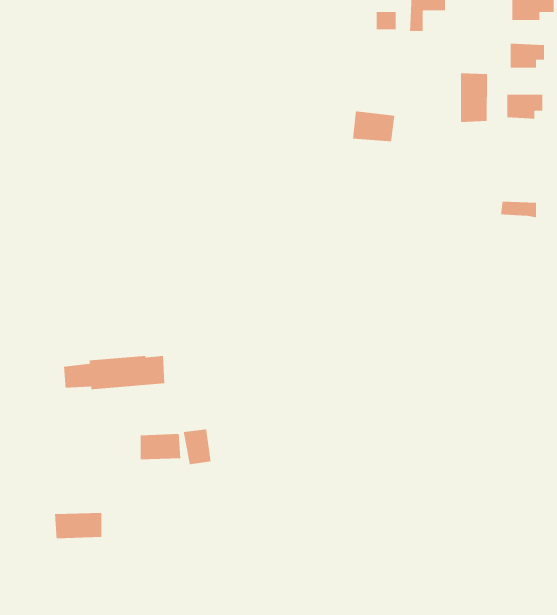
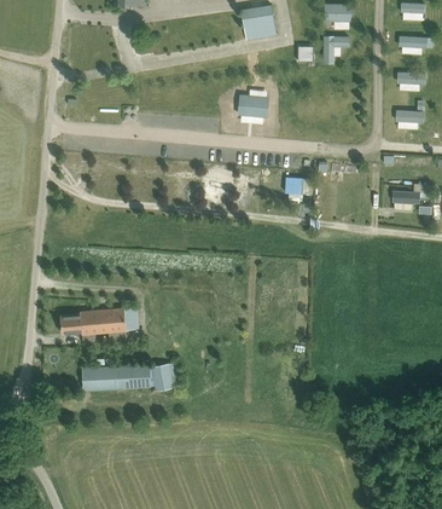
building: [460,73,488,123] -> none
building: [352,110,395,142] -> [237,93,269,117]
building: [54,512,102,539] -> [82,368,118,388]

